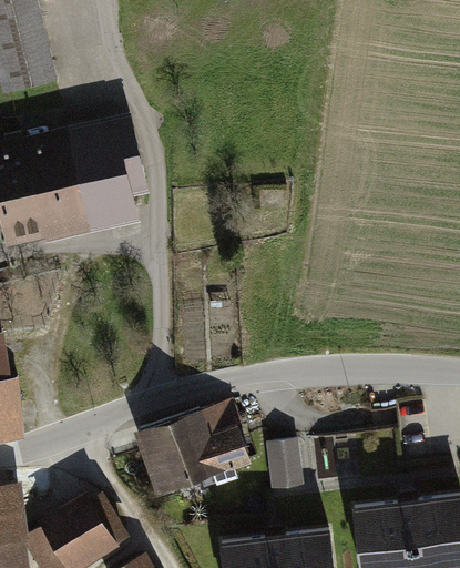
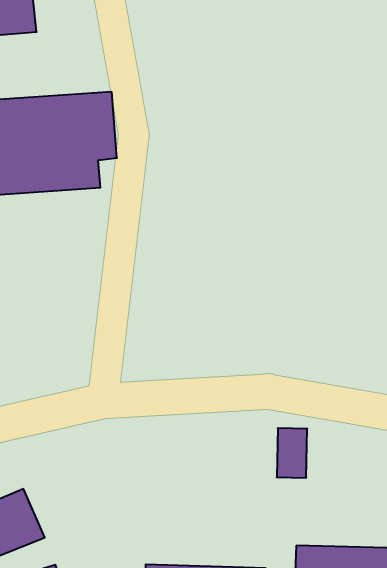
building: [141,405,248,489] -> none
building: [268,440,300,488] -> [277,428,307,478]

